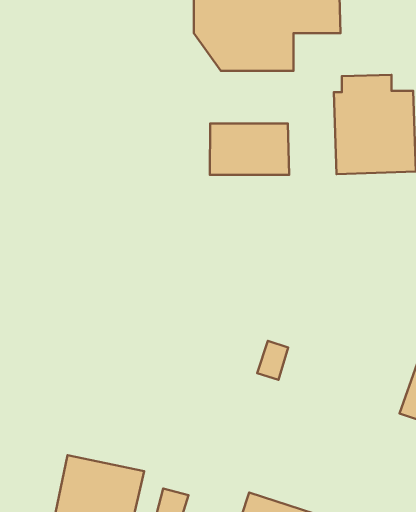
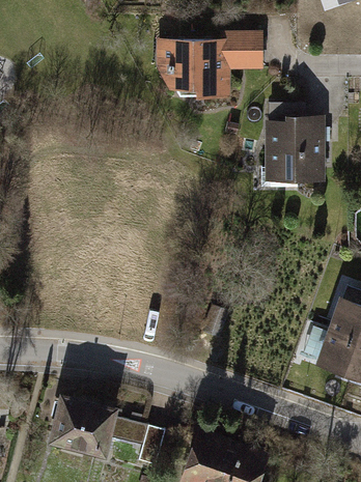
building: [210,123,289,175] -> none

